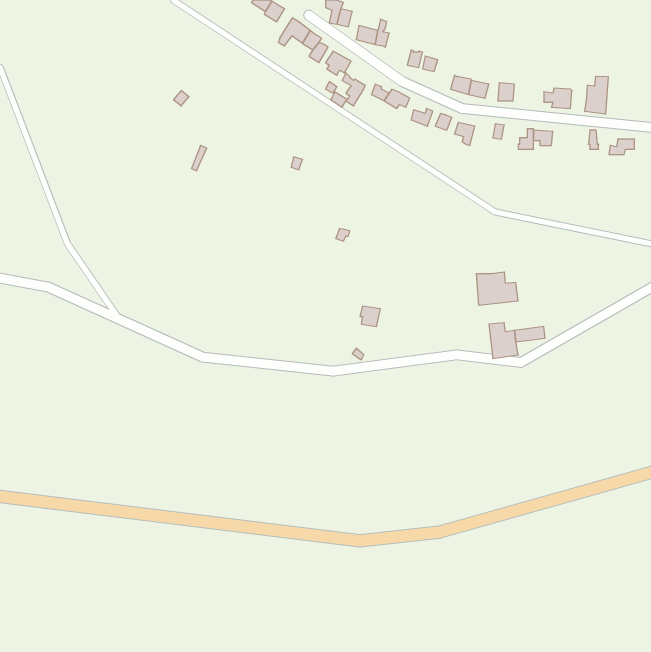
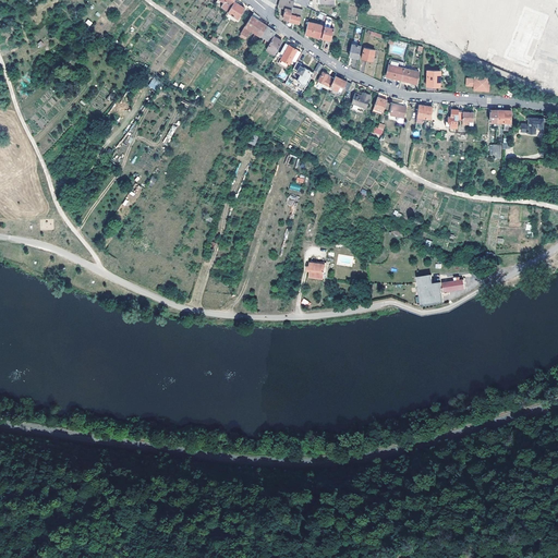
building: [585,76,608,114] -> none
building: [476,272,518,305] -> none

